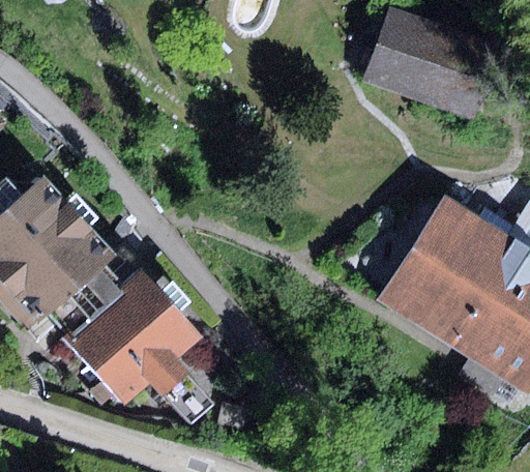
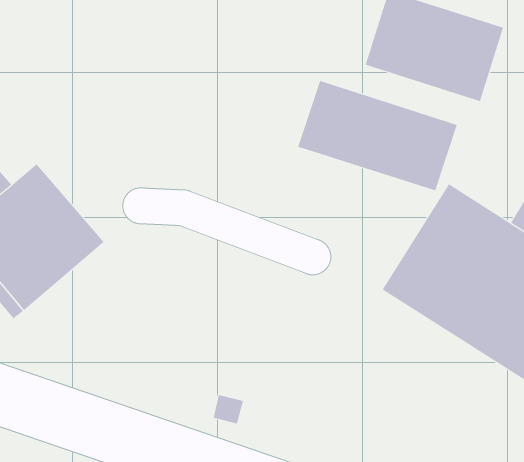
building: none -> [298,80,457,191]
building: [68,273,203,404] -> none

